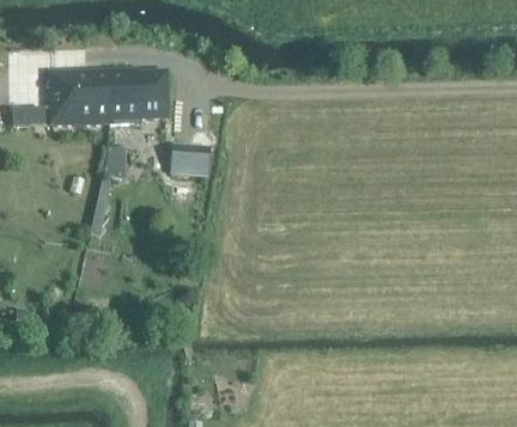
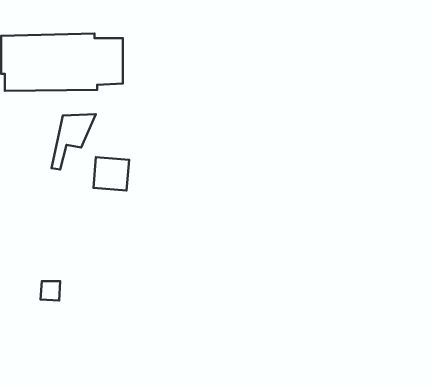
building: [170,147,205,179] -> [93,157,129,190]

